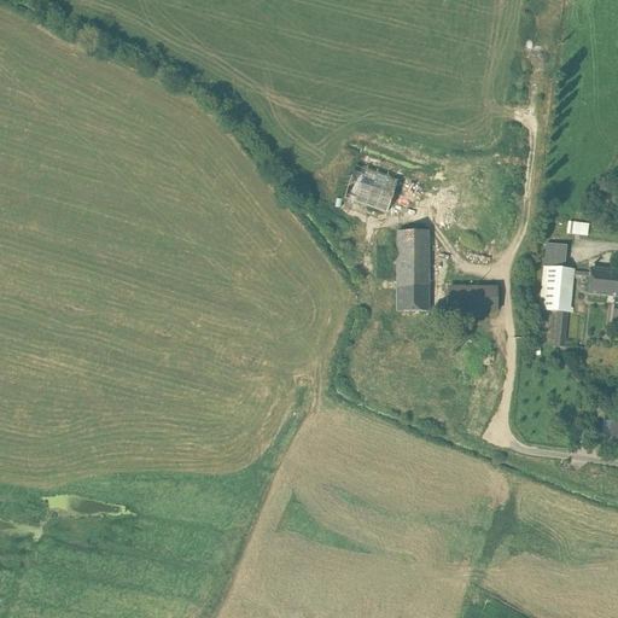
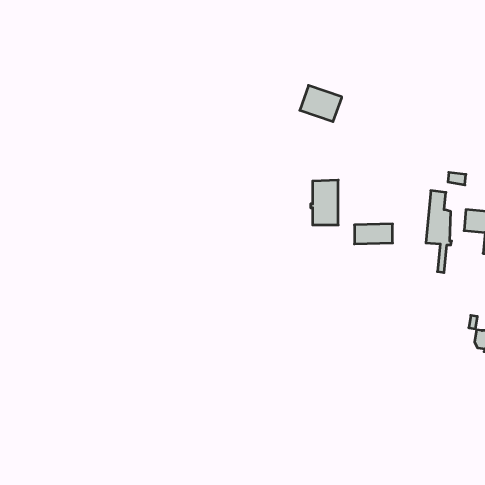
building: [346,164,400,210] -> [300,85,342,122]
building: [398,285,431,309] -> none

